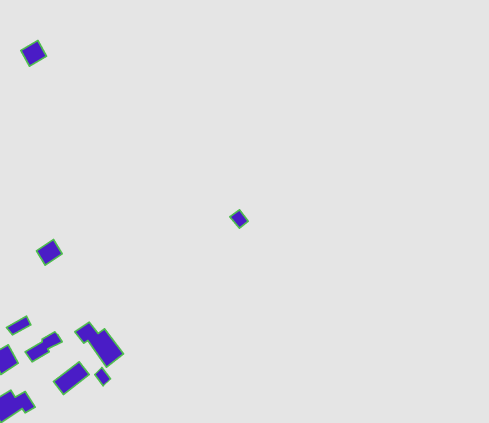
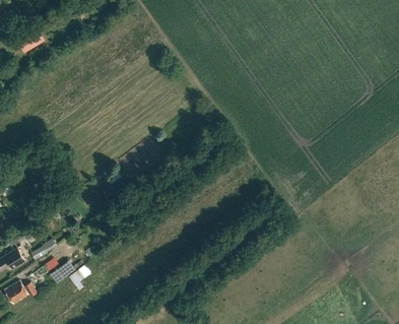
building: [75,322,123,367] -> none

